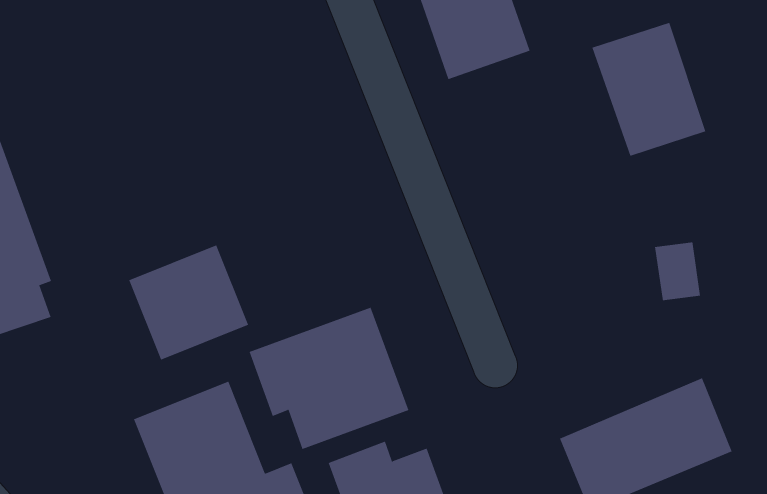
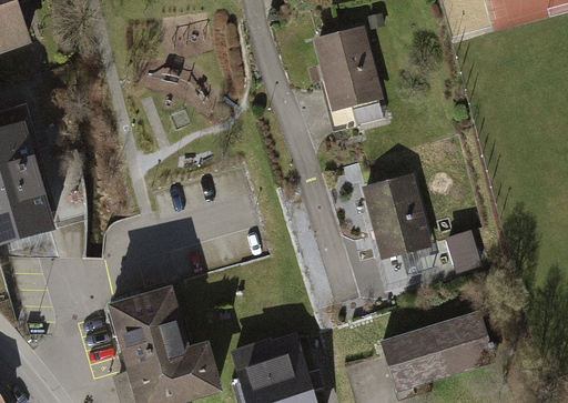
building: [592,22,706,157] -> [359,171,429,256]
building: [128,245,249,360] -> none
building: [249,307,409,450] -> none

